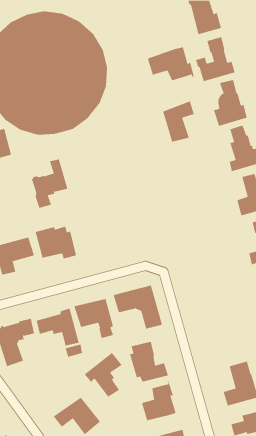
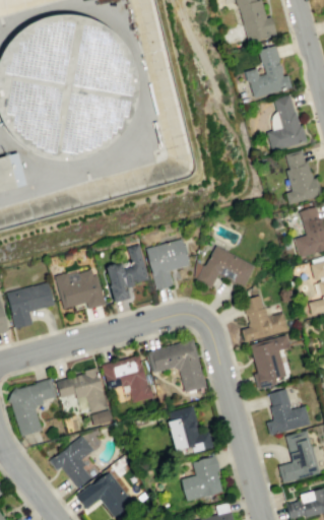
building: [147,46,194,81] -> none
building: [162,101,194,143] -> none
building: [31,159,68,208] -> [106,244,149,303]
building: none -> [146,239,189,289]
building: none -> [194,246,254,288]
building: none -> [241,295,288,342]
building: none -> [250,335,289,389]
building: none -> [266,388,310,435]
building: [84,352,122,397] -> [49,435,94,489]

